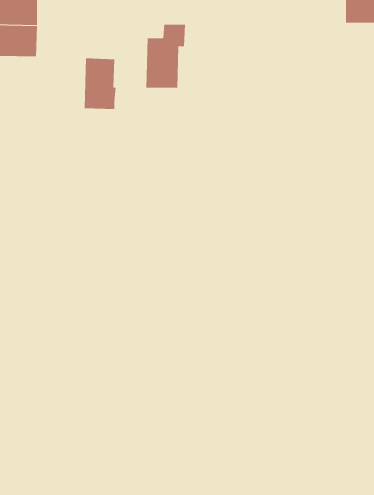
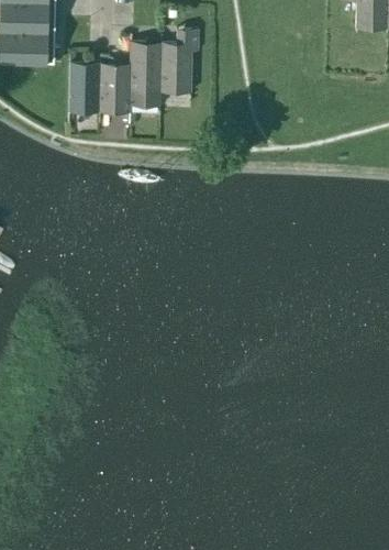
building: none -> [130,43,162,108]
building: none -> [68,64,101,113]

